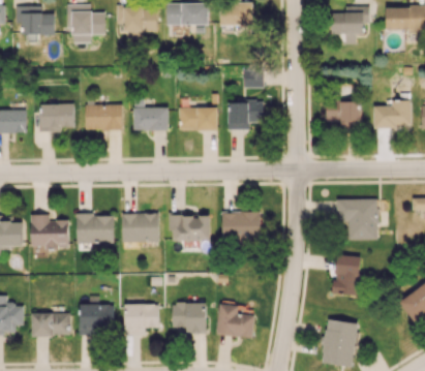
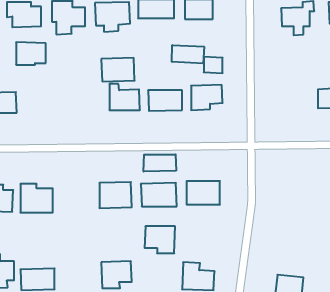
building: none -> [172,45,204,63]
building: [326,102,361,129] -> none
building: [39,103,73,129] -> [16,42,46,65]
building: [85,103,123,130] -> [101,58,135,81]
building: none -> [144,154,176,172]
building: [337,198,378,240] -> none
building: [77,214,114,244] -> none
building: [334,255,360,295] -> none
building: [172,303,207,334] -> [145,226,175,253]
building: [79,304,115,335] -> none

